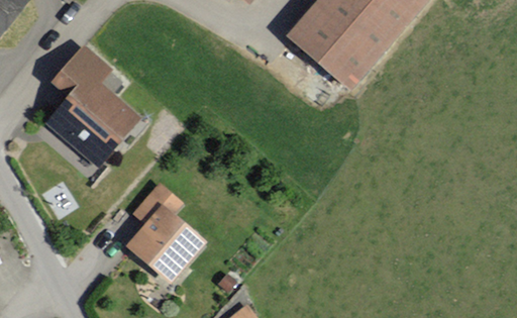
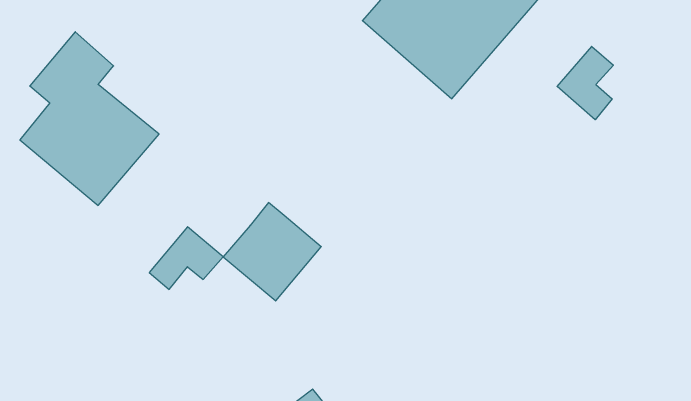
building: none -> [557,46,613,120]
building: [125,211,195,281] -> [223,203,321,301]

